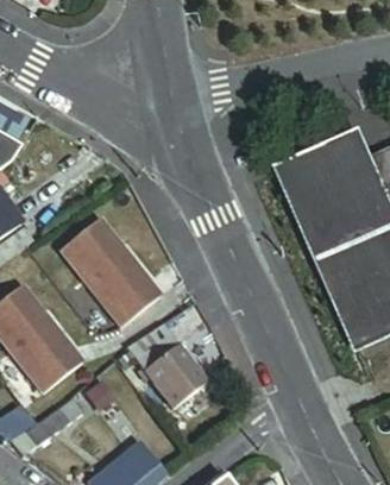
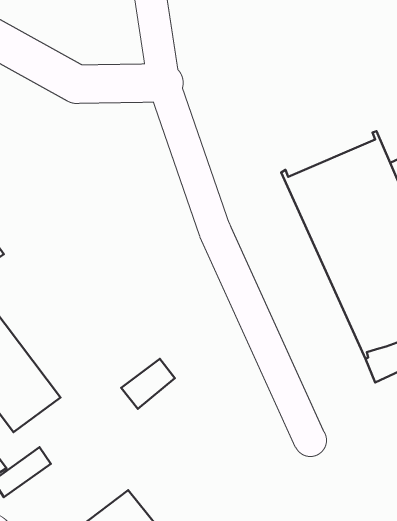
building: [63,216,161,325] -> none
building: [150,345,208,404] -> none

